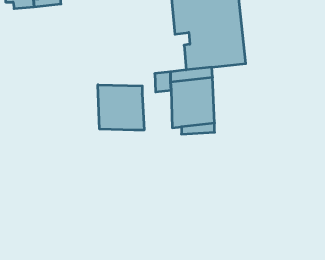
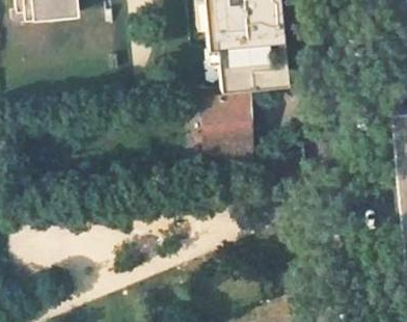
building: [98,85,144,130] -> none

